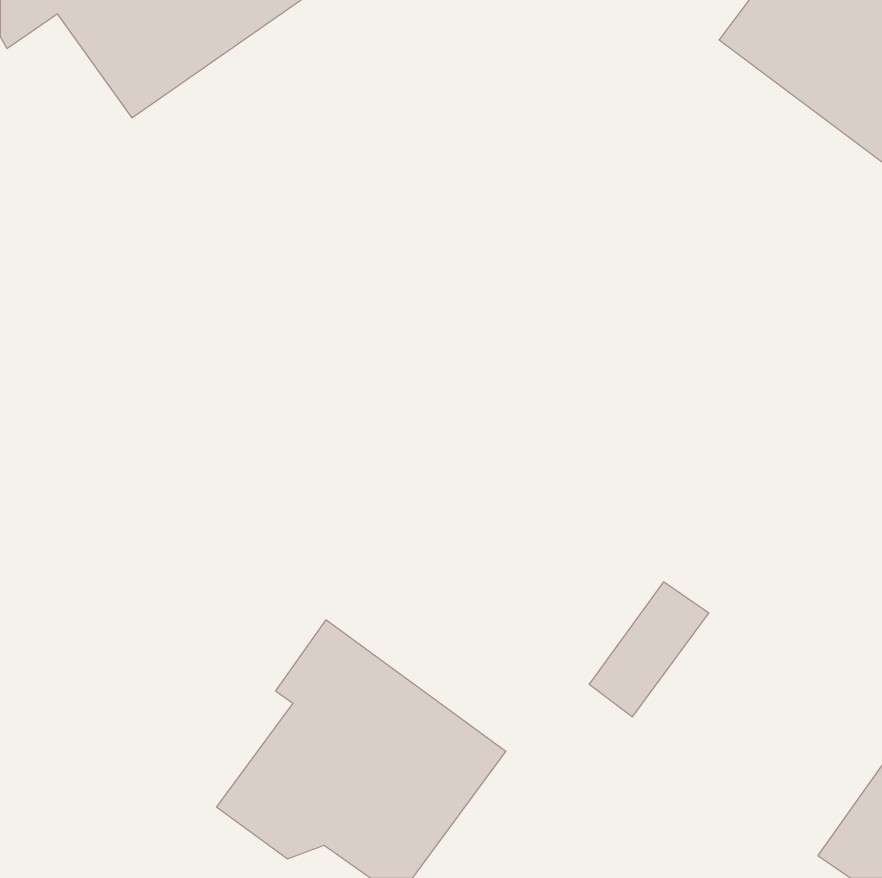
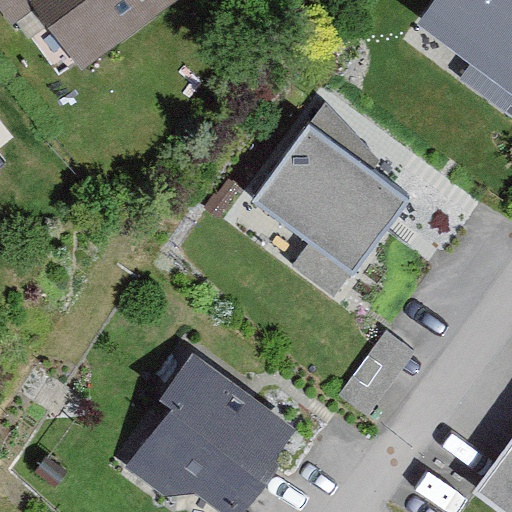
building: none -> [253,103,405,296]

